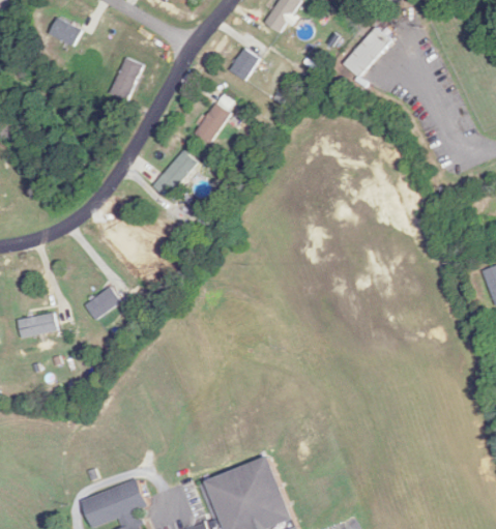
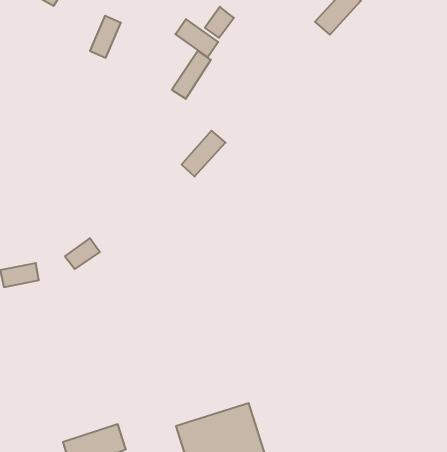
building: none -> [175,19,218,57]
building: [152,150,198,198] -> [182,131,226,177]

